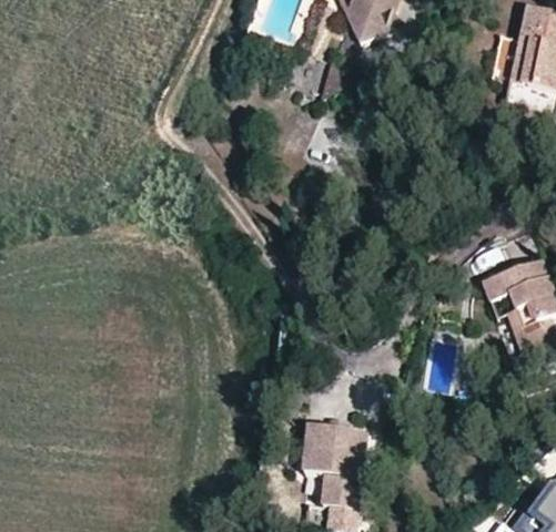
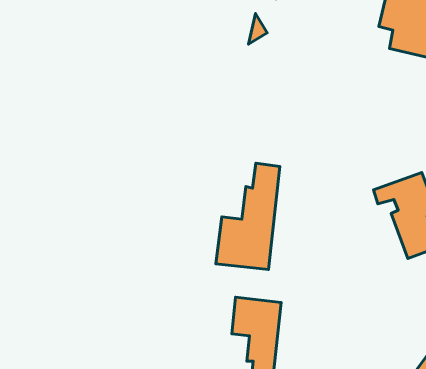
building: none -> [216,163,280,269]

